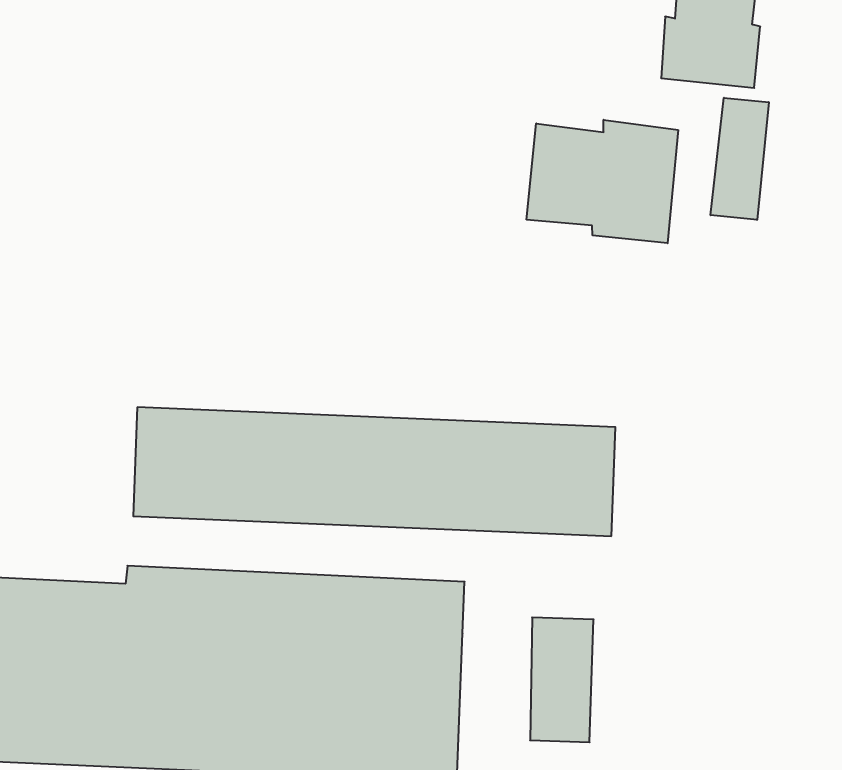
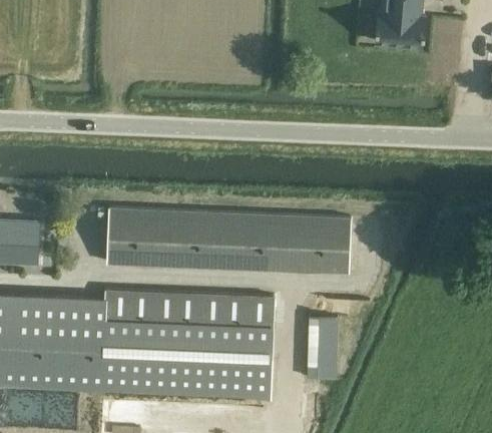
building: [711,98,769,220] -> none
building: [527,120,678,243] -> none

